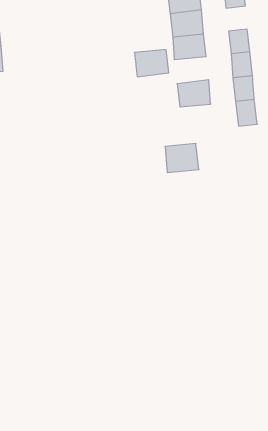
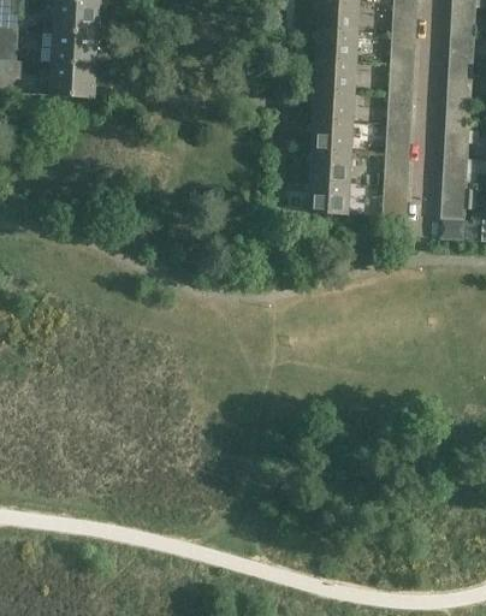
building: none -> [387,60,414,91]
building: [134,50,169,77] -> [312,116,354,148]
building: [165,144,199,173] -> [308,177,350,213]

